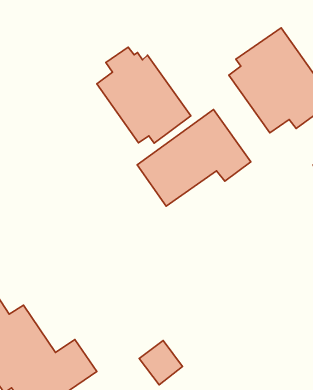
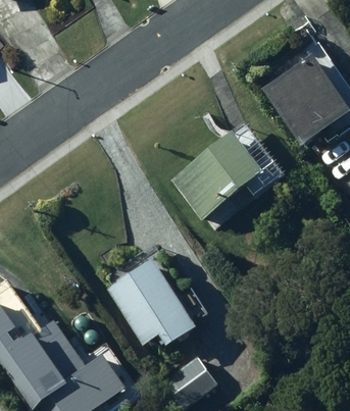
building: [97,47,191,143] -> none
building: none -> [102,249,206,350]

